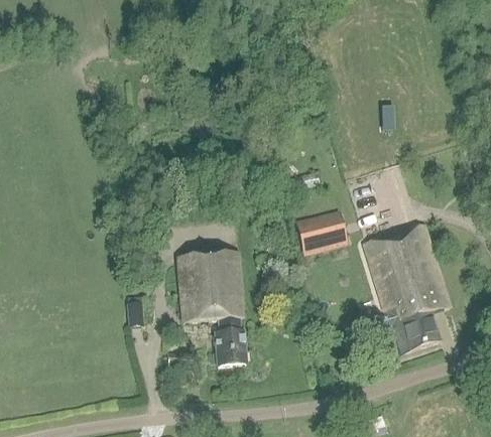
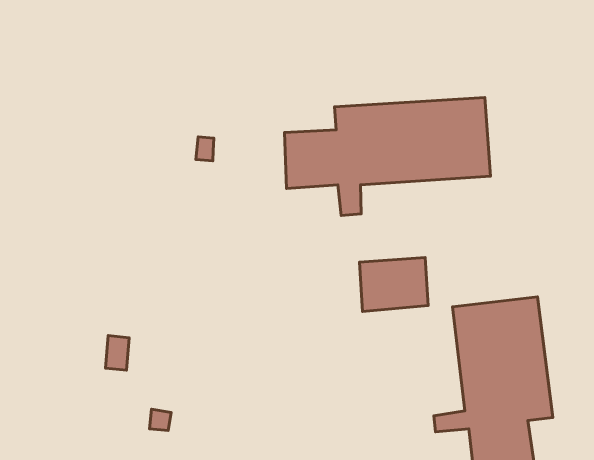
building: none -> [284,98,490,216]
building: [177,253,245,366] -> none

